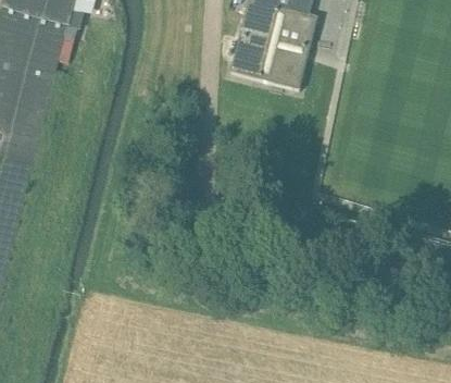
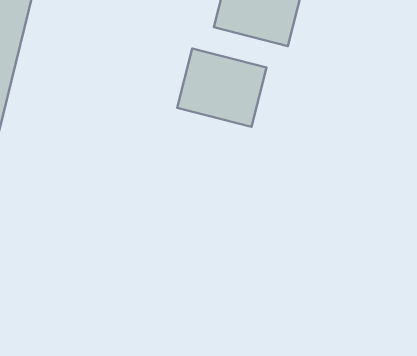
building: none -> [177,49,266,127]

